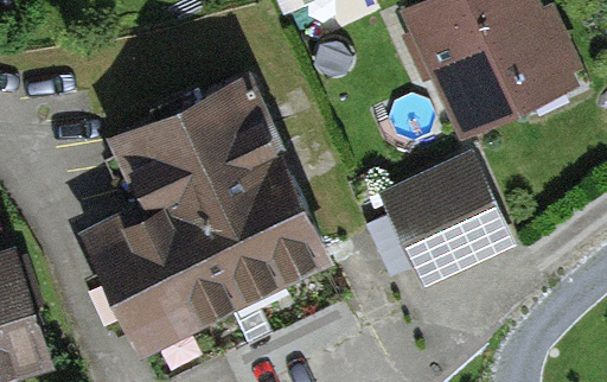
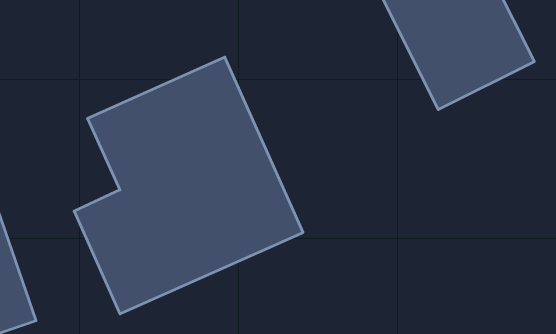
building: [390,152,520,287] -> none

